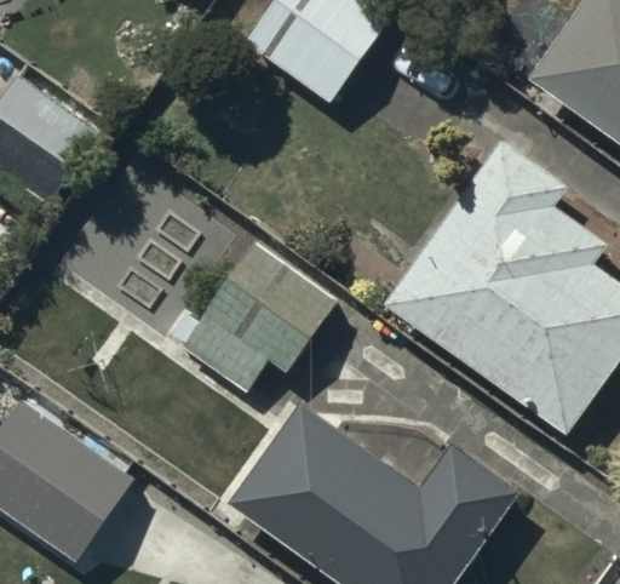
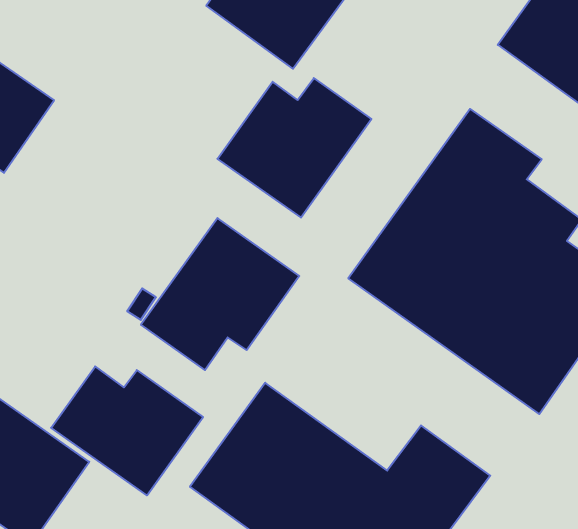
building: none -> [217,78,371,218]
building: none -> [51,366,203,495]

